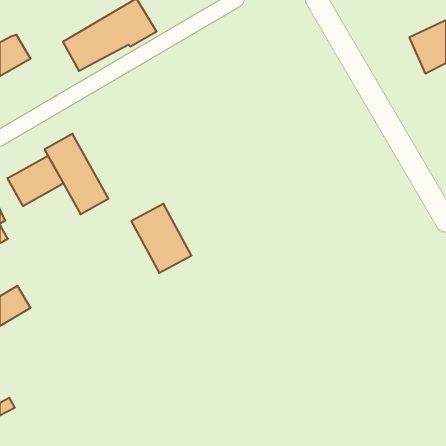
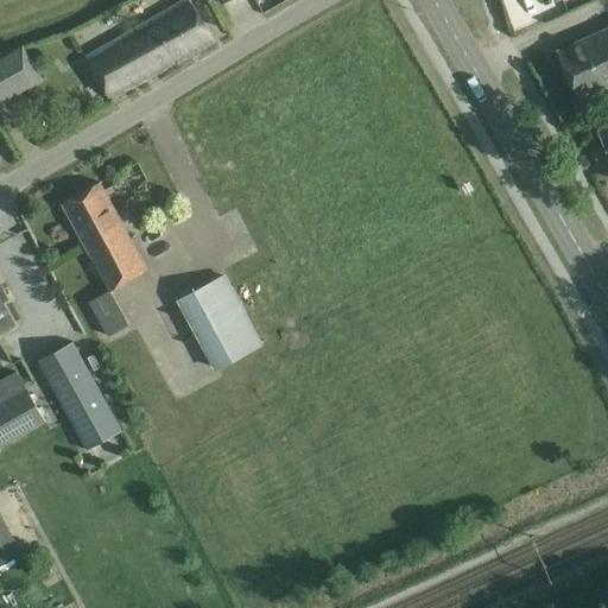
building: [7,156,63,206] -> none
building: none -> [88,290,127,335]
building: none -> [38,344,116,442]

